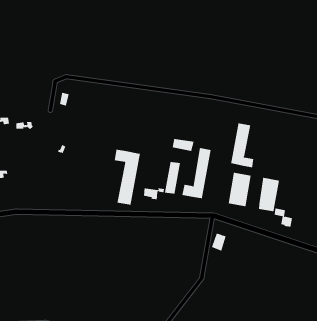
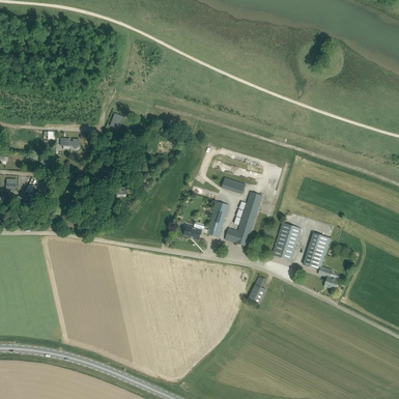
building: [231,123,254,168] -> none
building: [114,149,140,206] -> none

